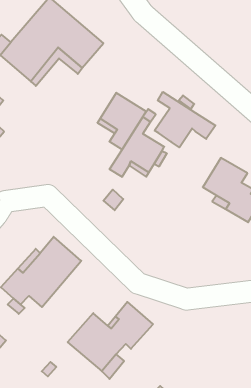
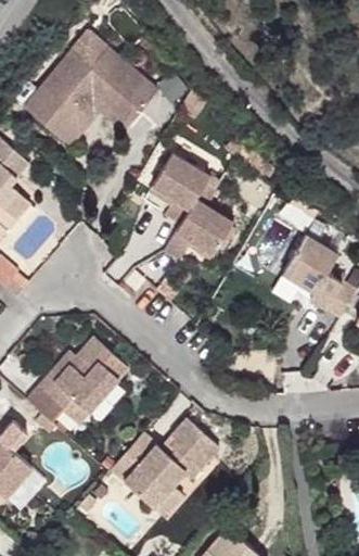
building: [155,92,215,147] -> none

